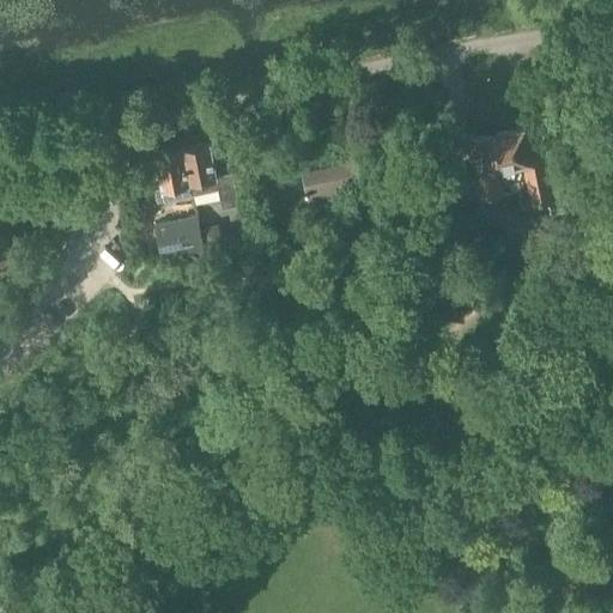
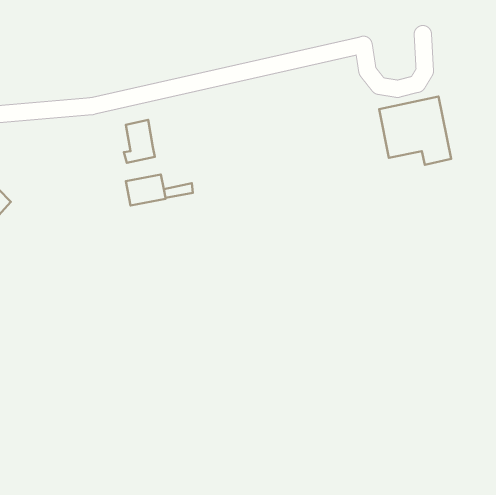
building: [182,145,237,210] -> none
building: [301,163,356,207] -> none

